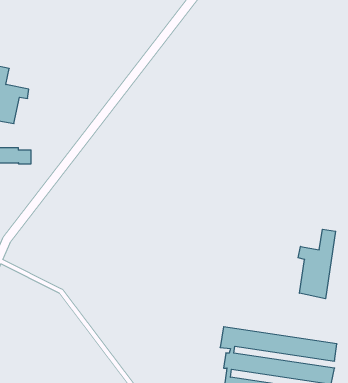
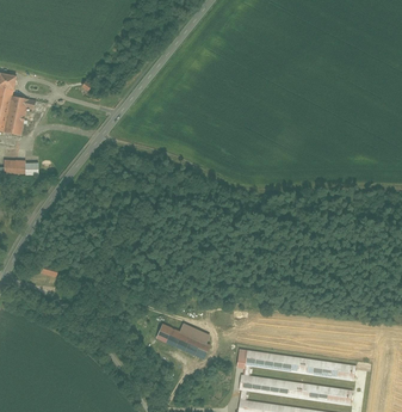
building: [298,229,336,299] -> none
building: none -> [155,324,210,359]

